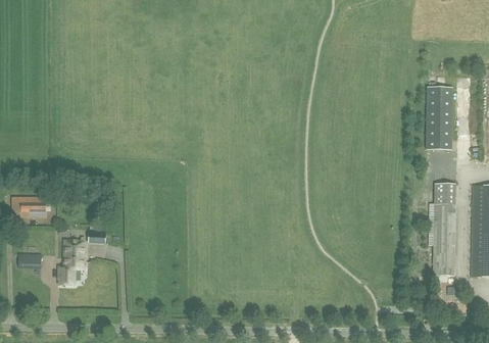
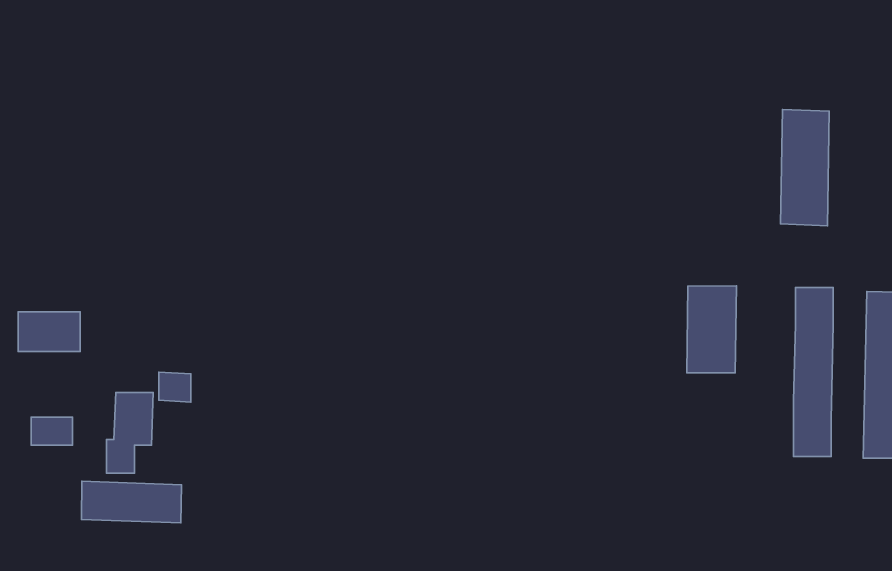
building: none -> [687,286,737,373]
building: none -> [82,481,181,523]

